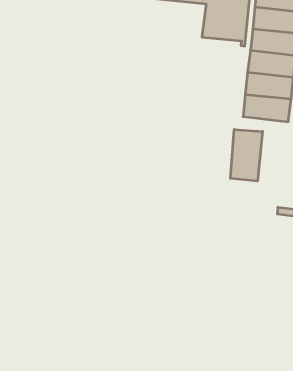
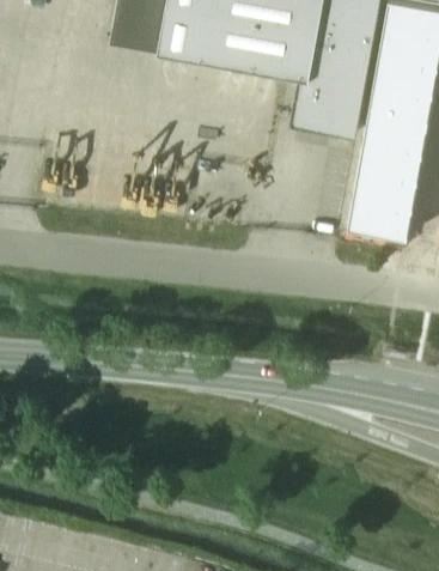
building: [230,129,263,181] -> none

